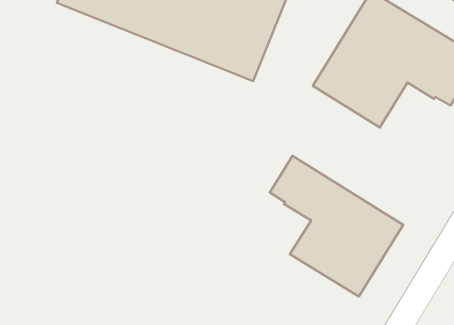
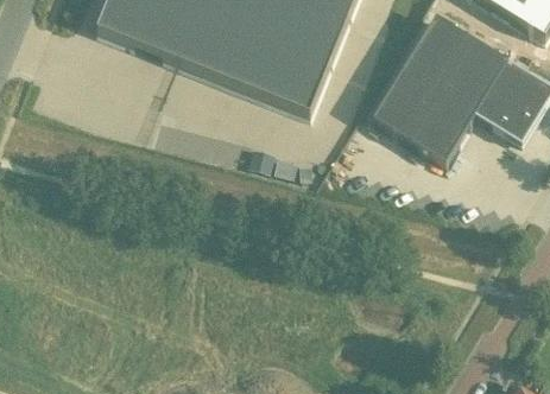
building: [270,156,403,296] -> none

